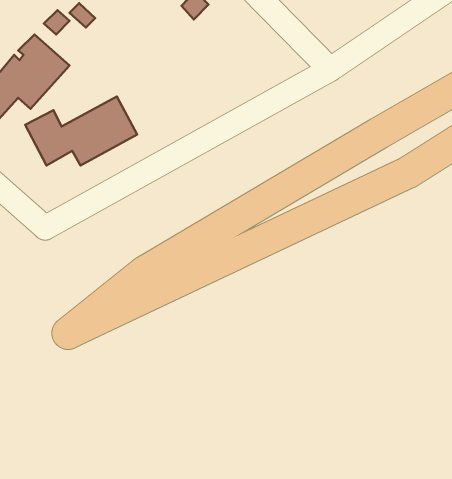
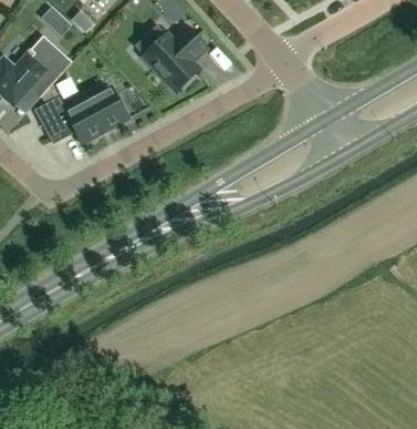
building: none -> [143,25,207,91]

